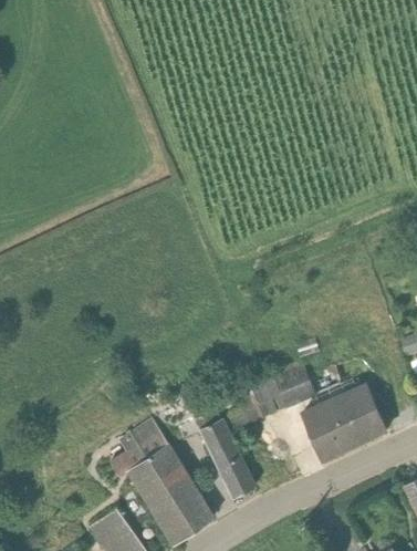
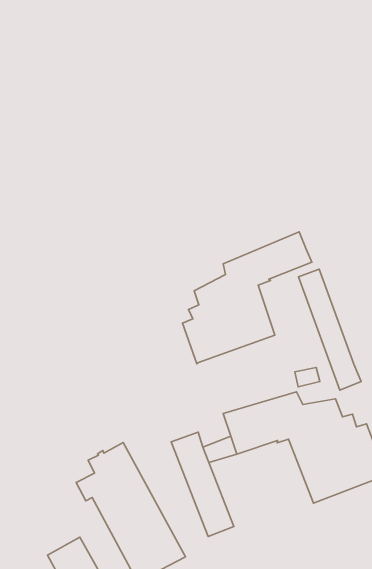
building: none -> [182,232,312,364]
building: none -> [298,269,361,390]

